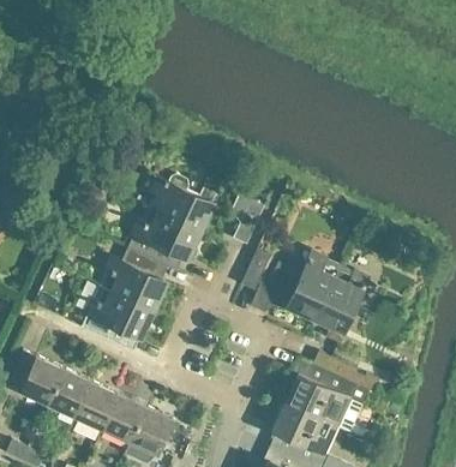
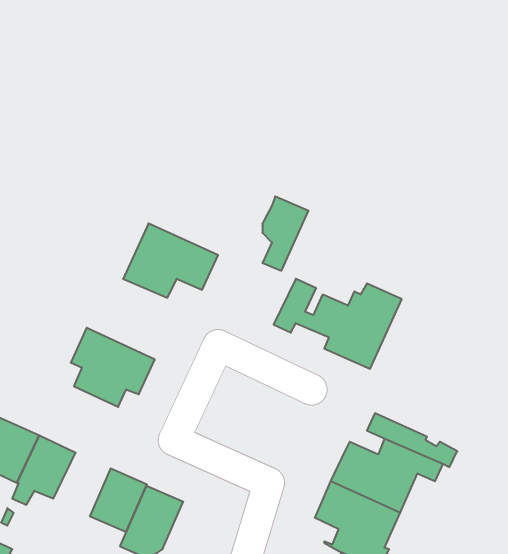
building: [145,175,218,233] -> none
building: [98,251,164,312] -> none
building: [313,267,367,340] -> none
building: [73,383,116,431] -> none

